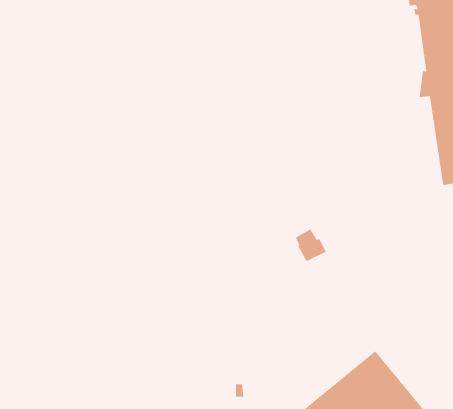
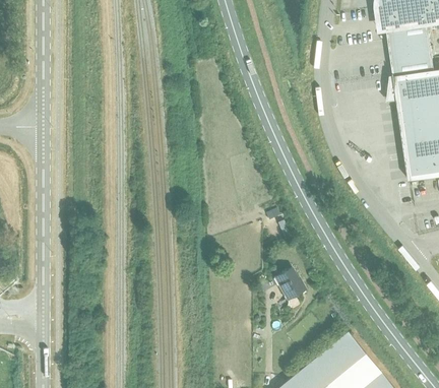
building: [295,228,326,262] -> [275,268,304,299]

